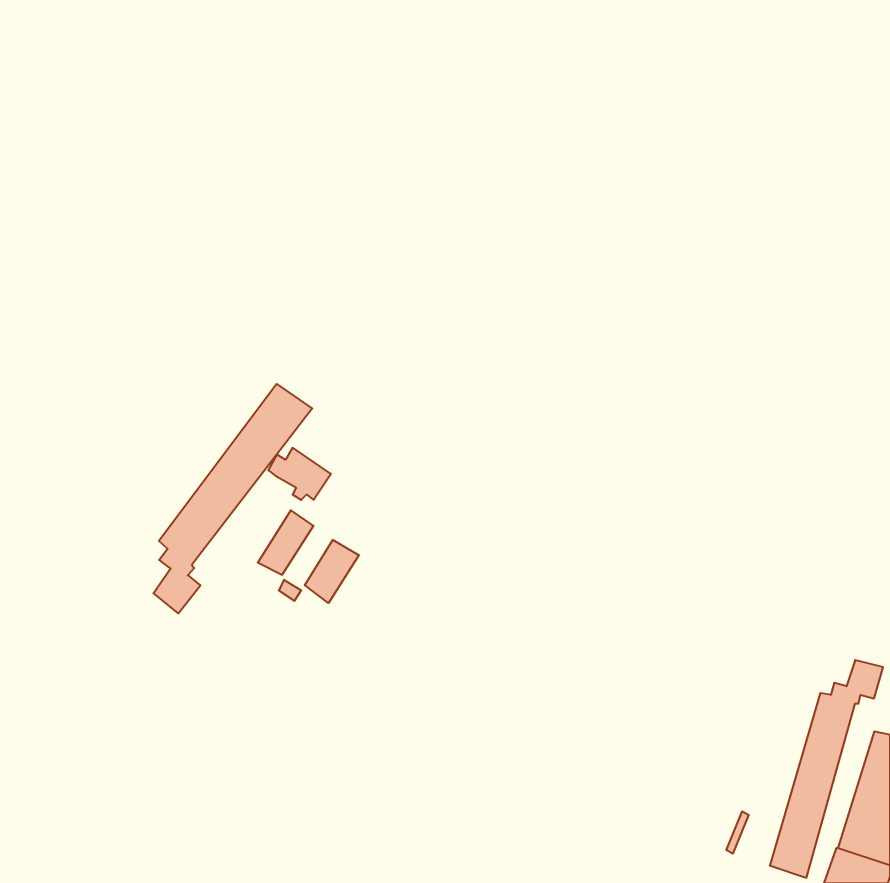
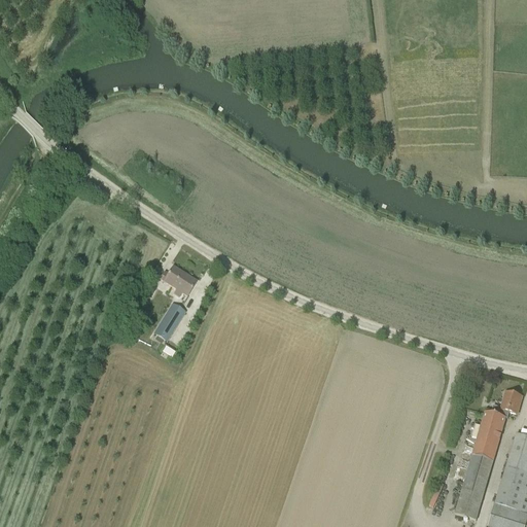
building: [153,384,312,613] -> none
building: [305,540,359,603] -> none

